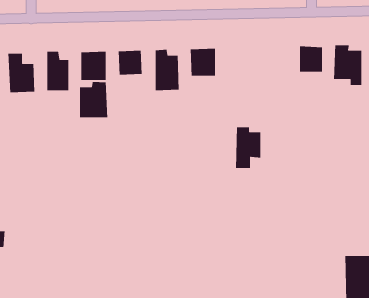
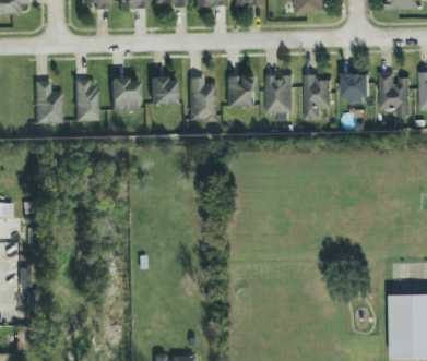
building: none -> [265,75,293,112]
building: [79,81,108,118] -> none
building: [235,127,261,169] -> [304,74,331,119]

